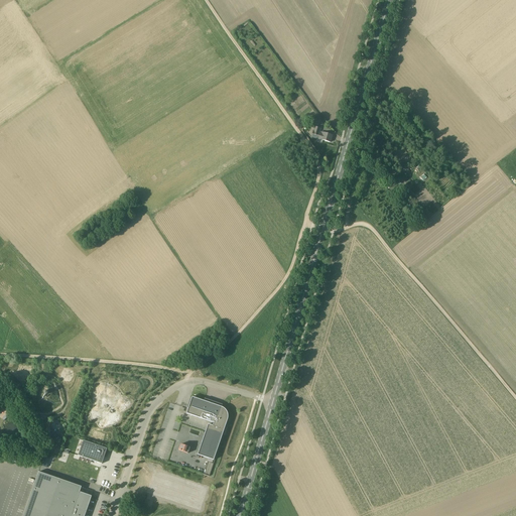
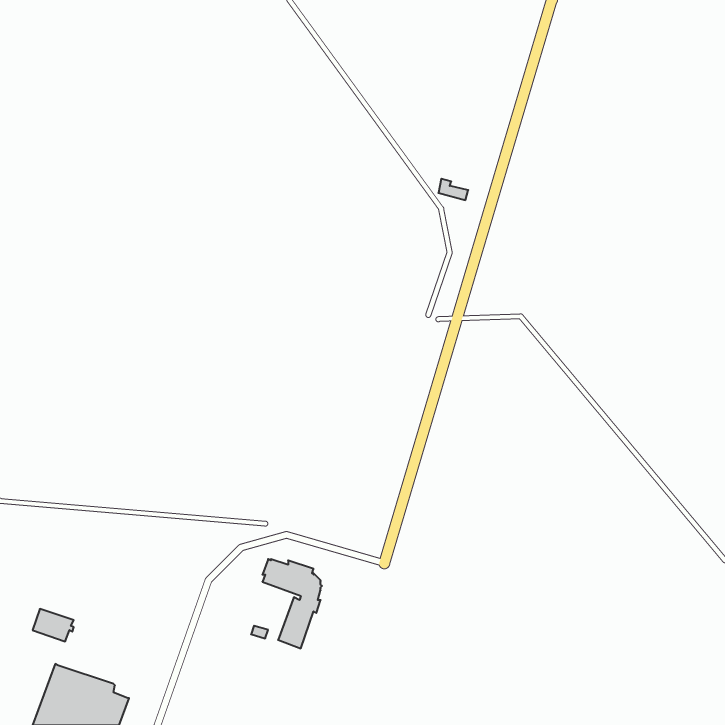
building: [79,440,108,464] -> [33,609,74,641]

